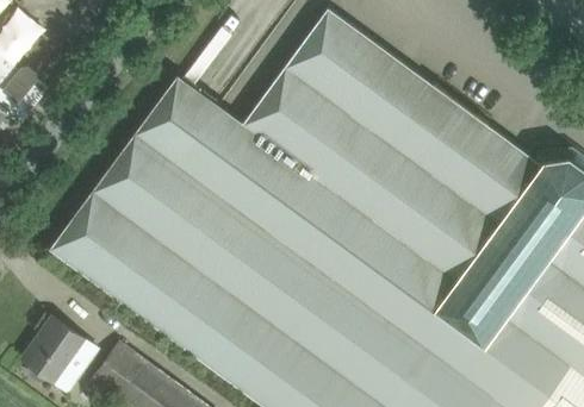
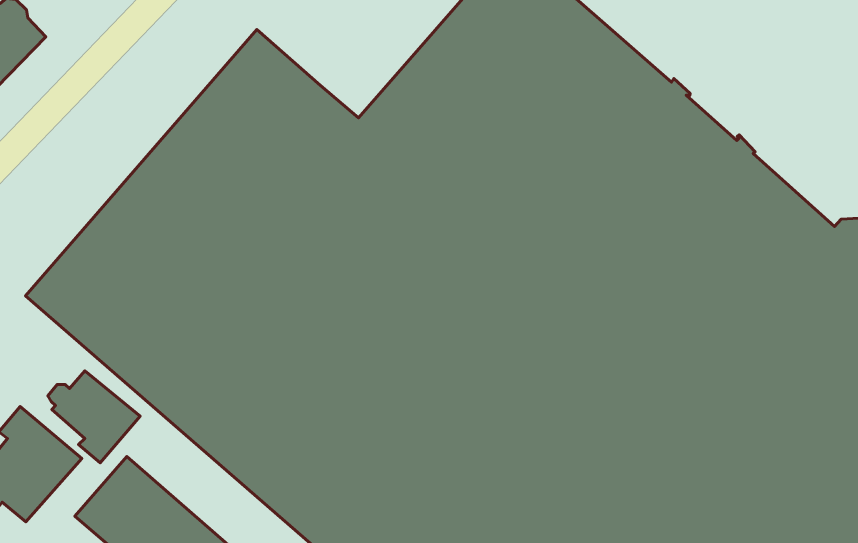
building: none -> [48,371,140,463]

